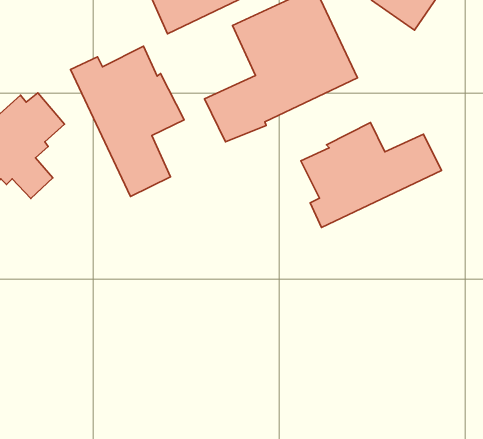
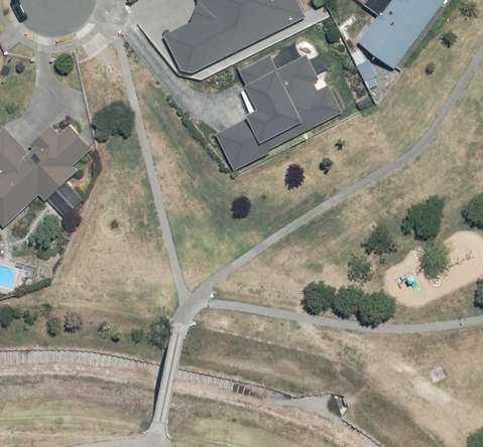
building: [70,46,184,196] -> none
building: [301,122,442,227] -> none

